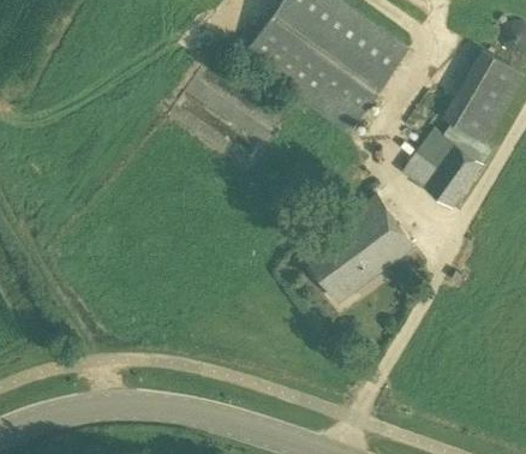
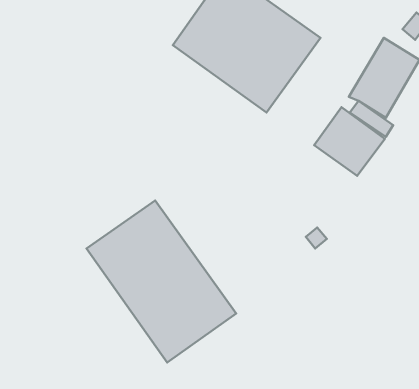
building: [303,195,413,298] -> none
building: none -> [86,201,236,363]

